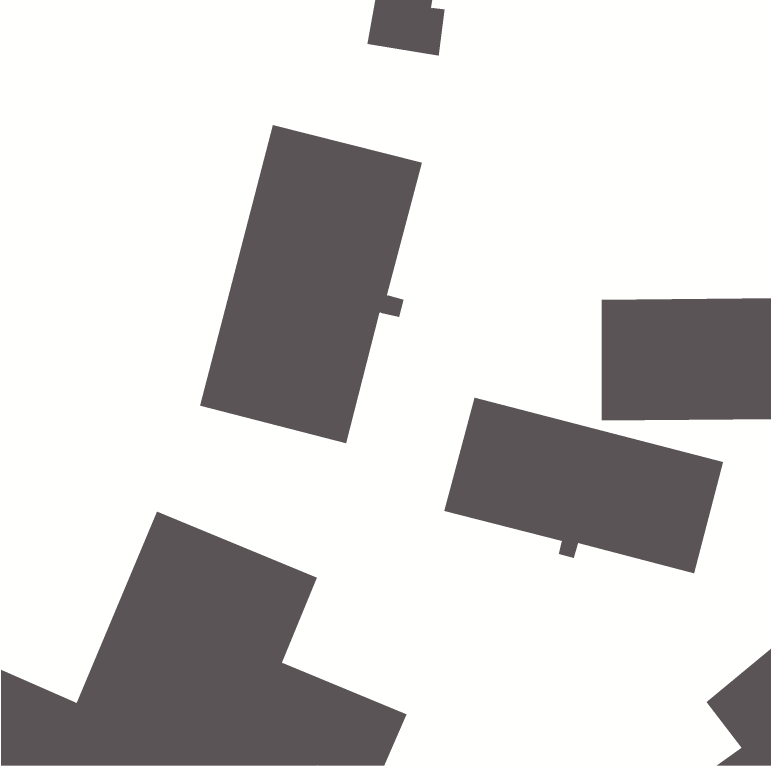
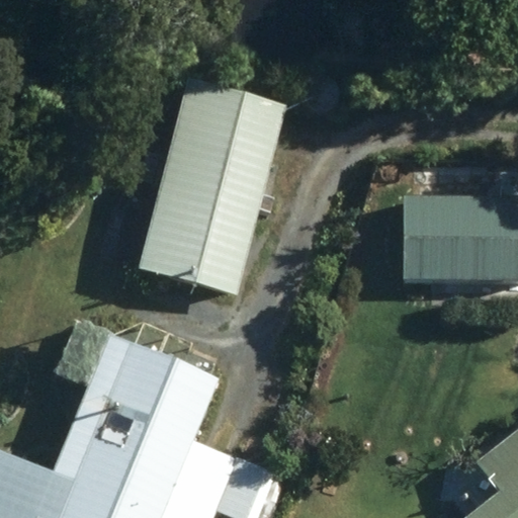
building: [444,397,724,574] -> none

